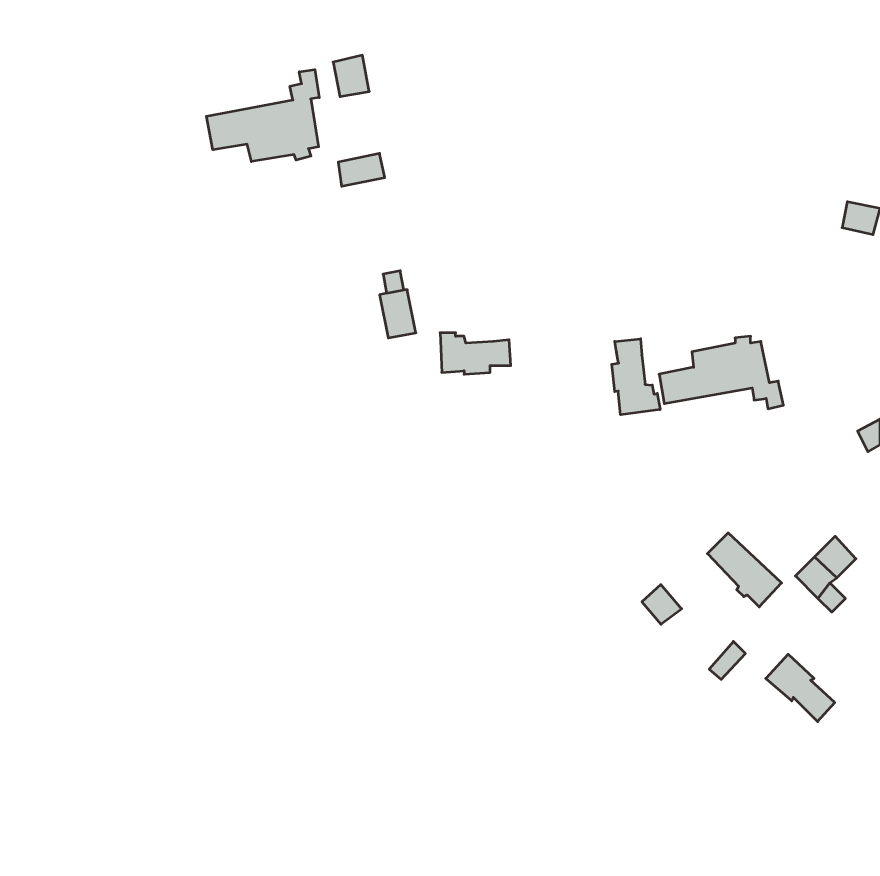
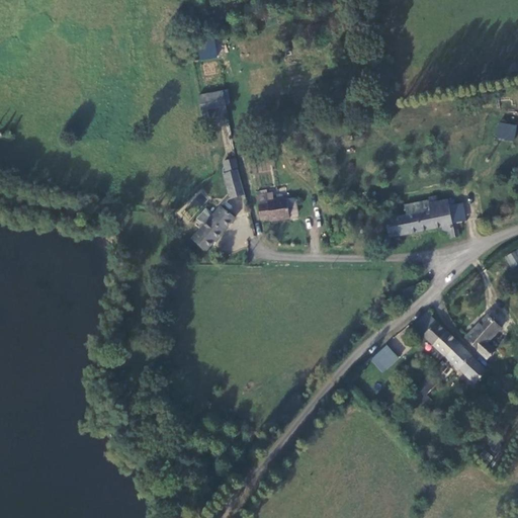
building: [206,70,319,162] -> none
building: [612,339,660,415] -> none
building: none -> [191,206,234,253]
building: [766,654,835,722] -> [445,342,486,381]

